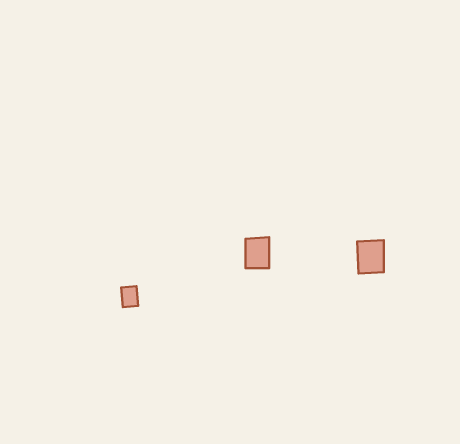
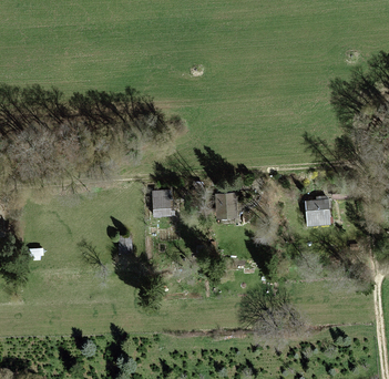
building: none -> [153,191,173,217]

